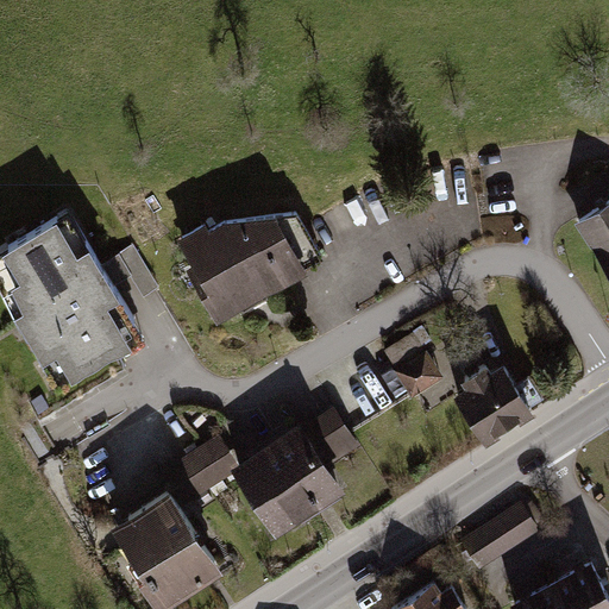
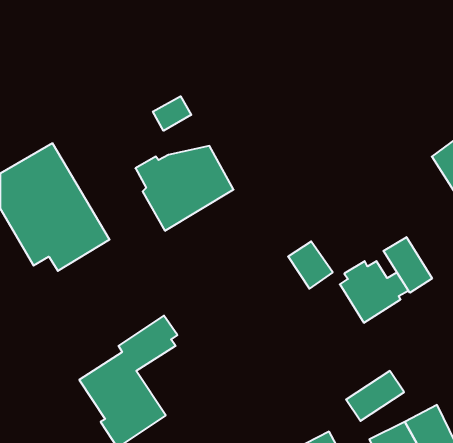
building: none -> [153,96,191,131]
building: none -> [383,237,432,293]
building: [228,410,352,540] -> none

